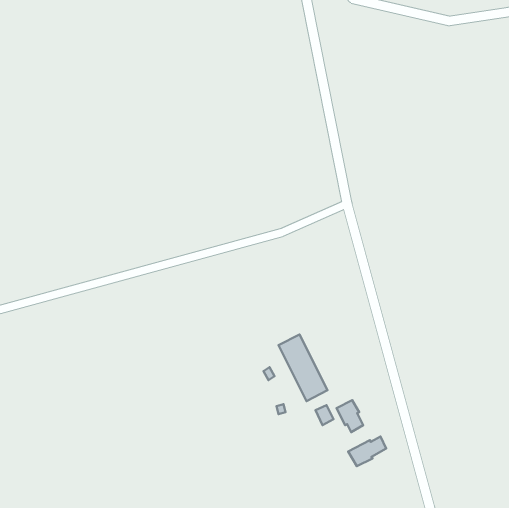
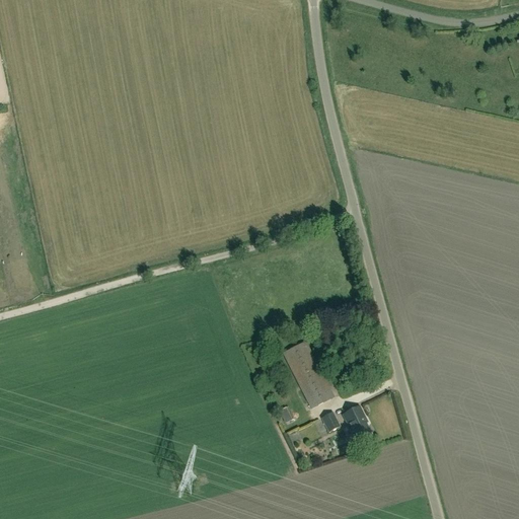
building: [348,437,386,466] -> none

